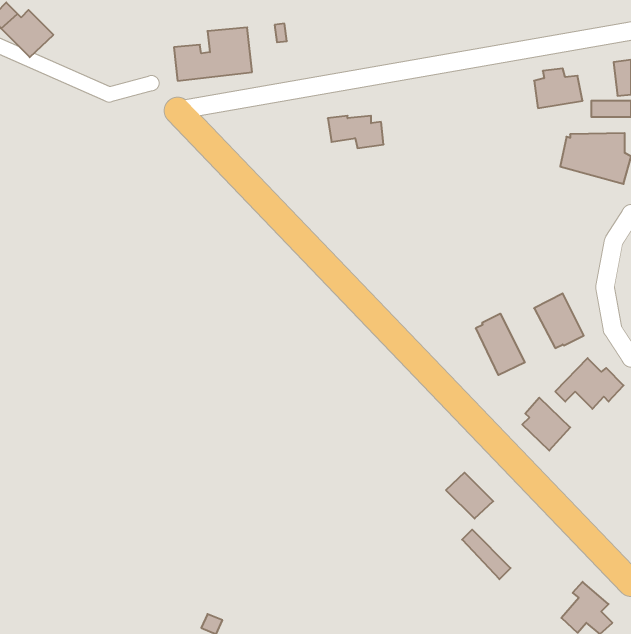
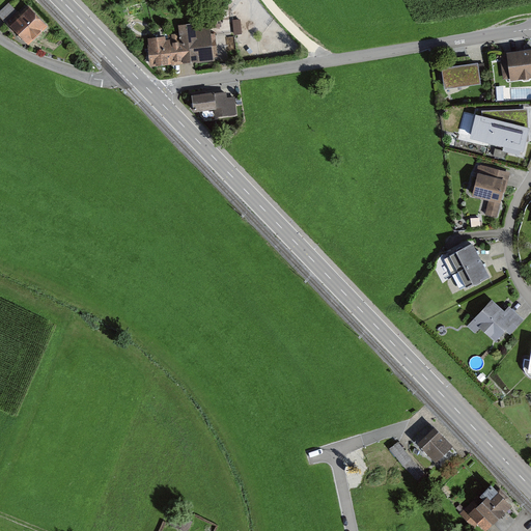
building: [328,116,384,148] -> [190,91,236,118]
building: none -> [471,165,512,218]
building: [476,314,525,375] -> none
building: [522,398,570,451] -> none
building: [446,473,493,519] -> [417,428,456,467]

